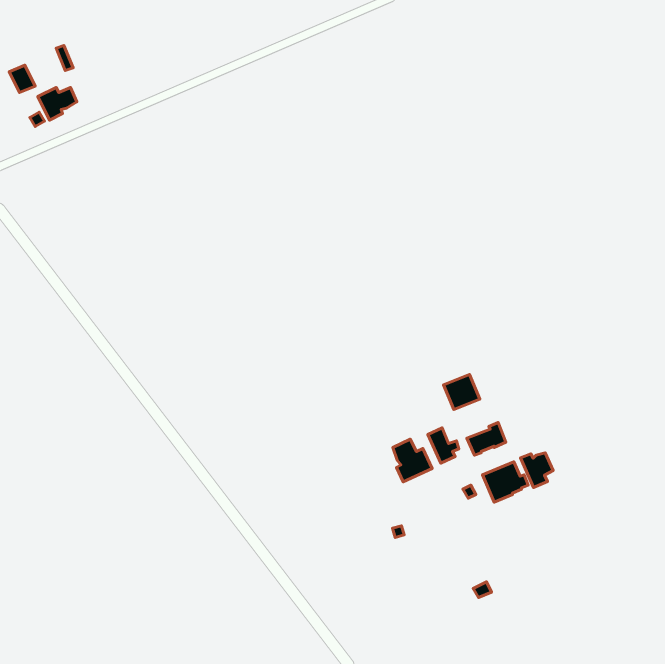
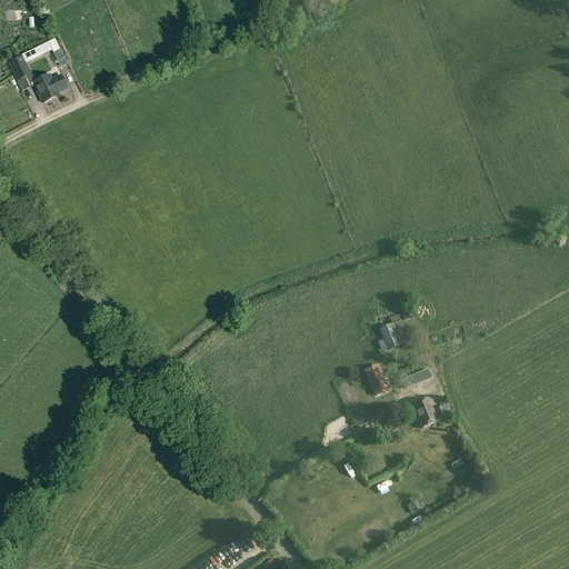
building: [393,439,432,482] -> none
building: [521,453,553,488] -> none

